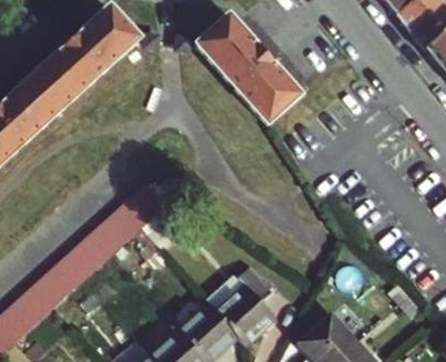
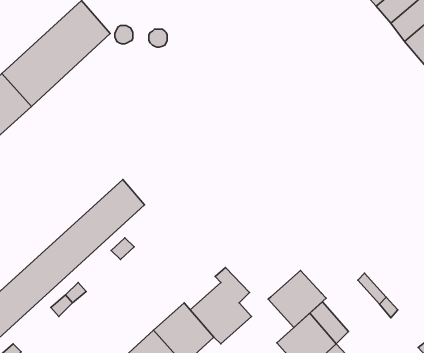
building: [197,16,299,122] -> none
building: none -> [268,271,326,328]

